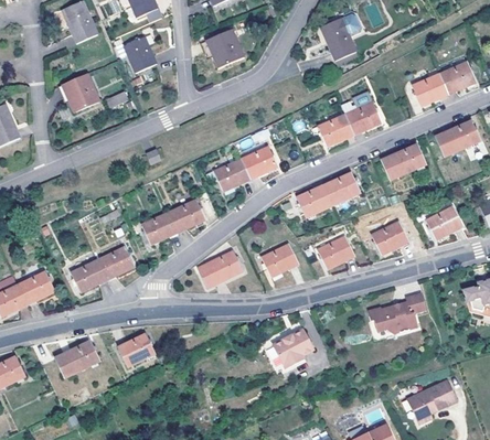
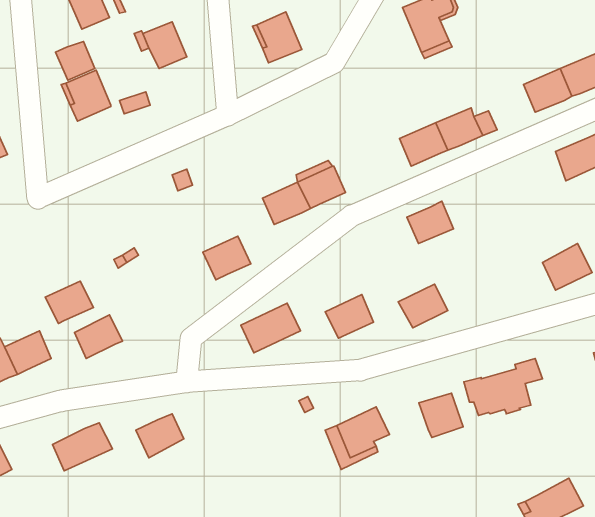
building: none -> [56,42,95,80]
building: [382,144,425,180] -> none
building: [297,185,332,217] -> none
building: [141,212,179,246] -> none
building: [371,221,407,255] -> none
building: [98,247,135,279] -> [45,281,93,324]
building: none -> [419,393,463,438]

